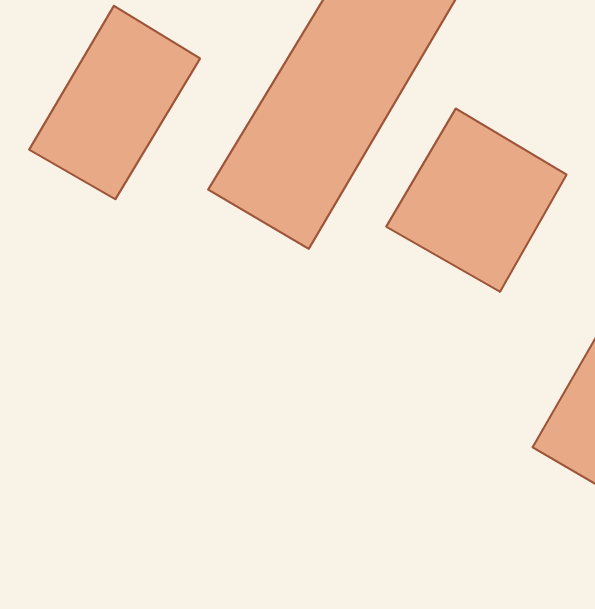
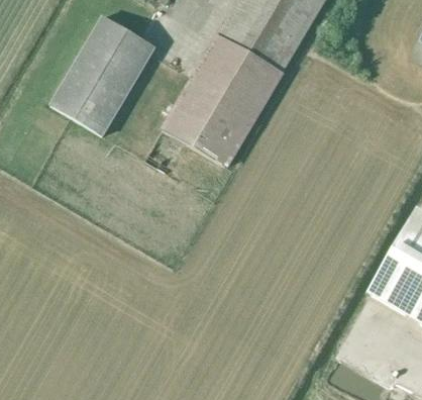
building: [386,108,566,292] -> none

